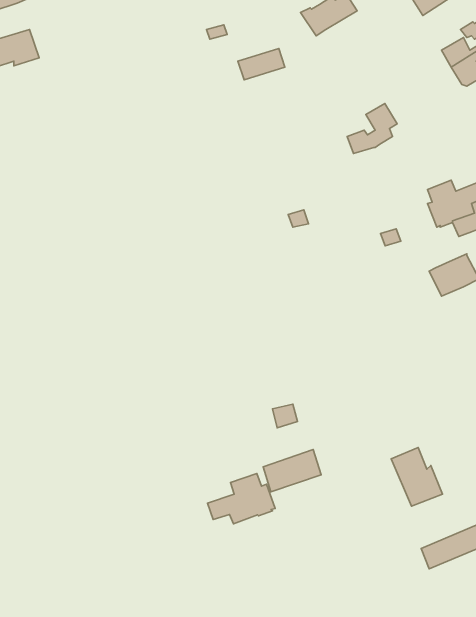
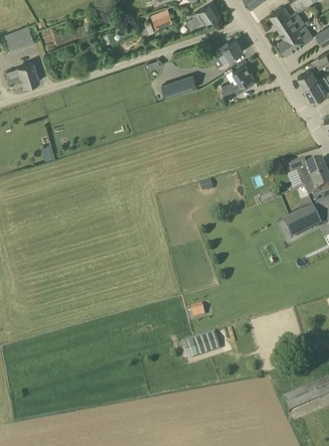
building: [347,103,397,154] -> [221,64,254,97]
building: [391,448,443,506] -> none
building: [208,473,275,524] -> none

